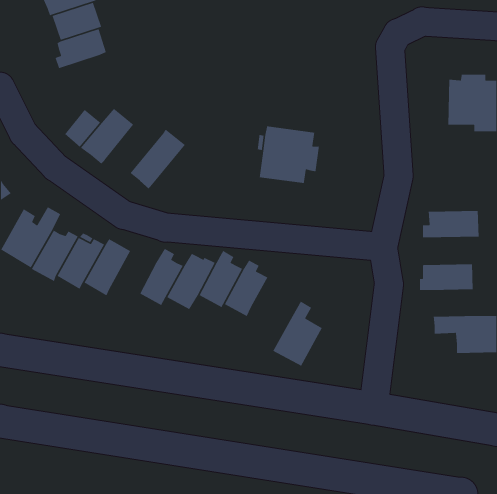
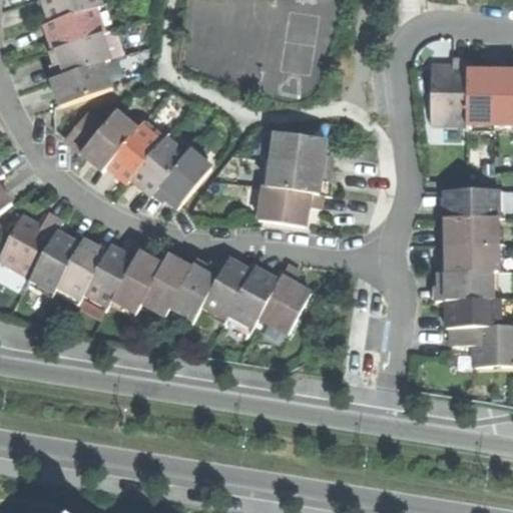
building: none -> [52,57,112,100]
building: none -> [424,64,462,129]
building: none -> [108,120,167,182]
building: none -> [157,149,212,208]
building: none -> [258,182,321,222]
building: none -> [441,189,494,217]
building: none -> [435,244,494,273]
building: none -> [113,251,160,312]
building: none -> [442,299,495,327]
building: [272,301,323,367] -> [260,265,312,333]

